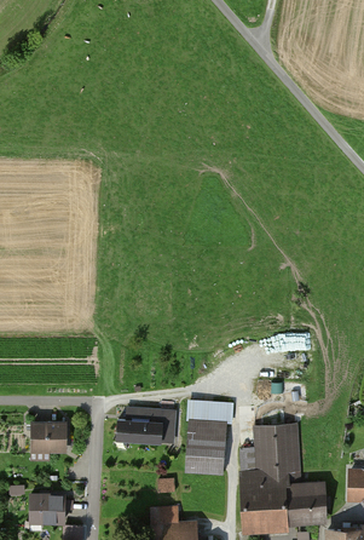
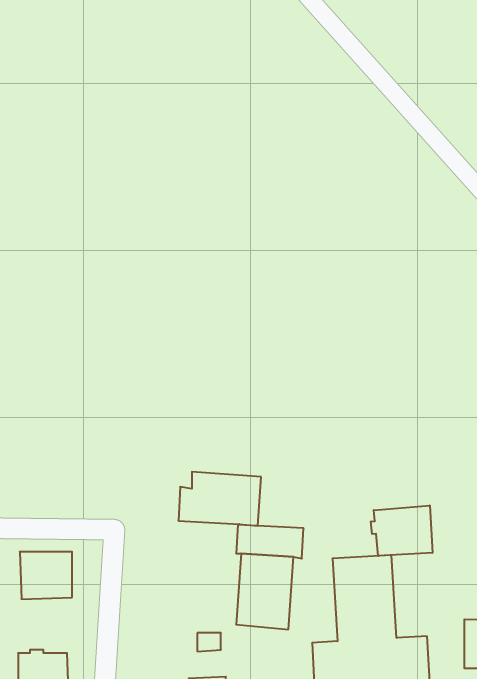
building: none -> [371,505,432,556]
building: [116,404,175,443] -> [178,472,261,526]

